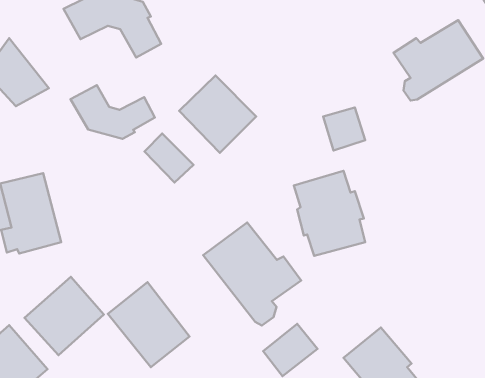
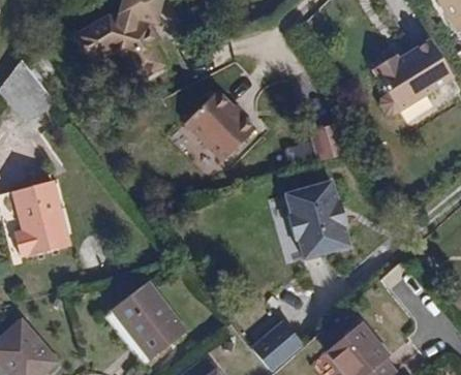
building: [70,85,155,139] -> none
building: [144,134,193,183] -> none
building: [203,222,301,326] -> none
building: [24,277,104,355] -> none

